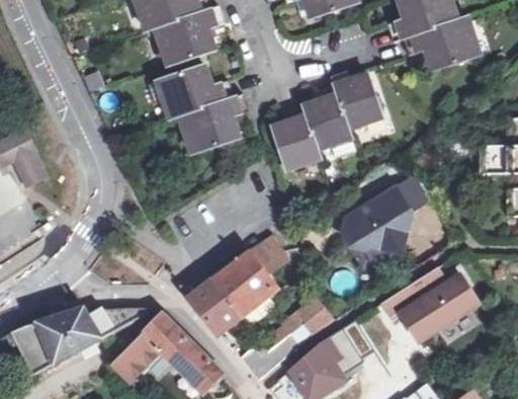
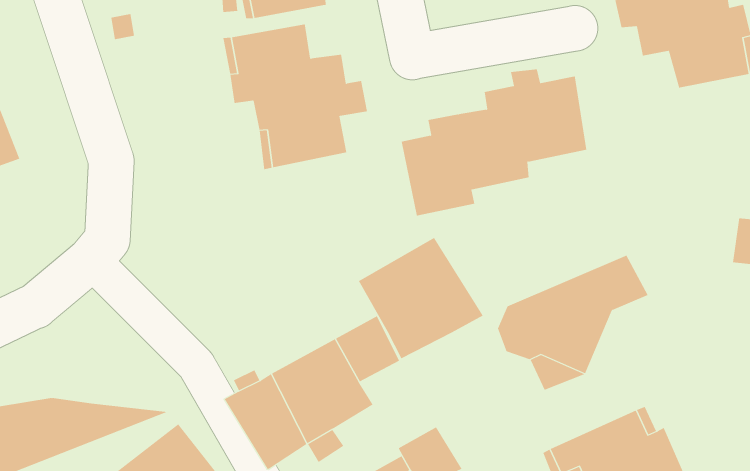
building: none -> [358,237,484,359]

